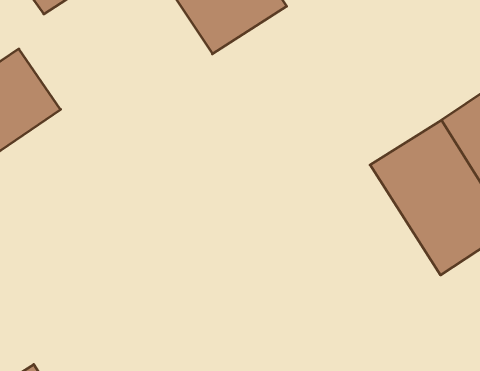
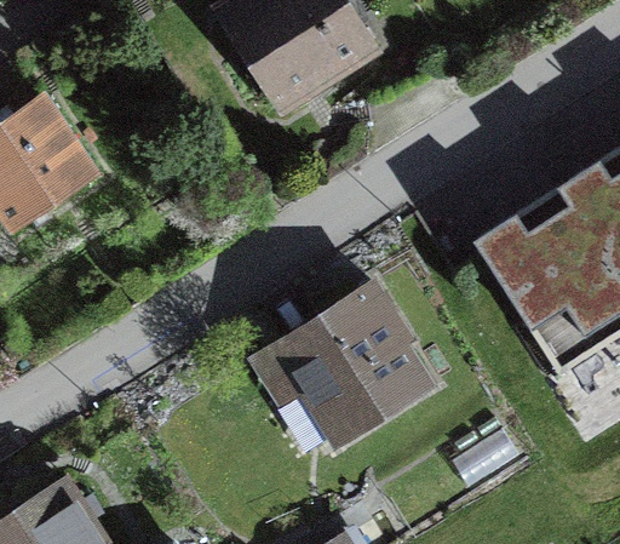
building: none -> [257,282,425,440]

